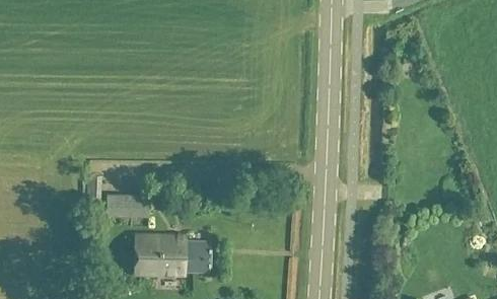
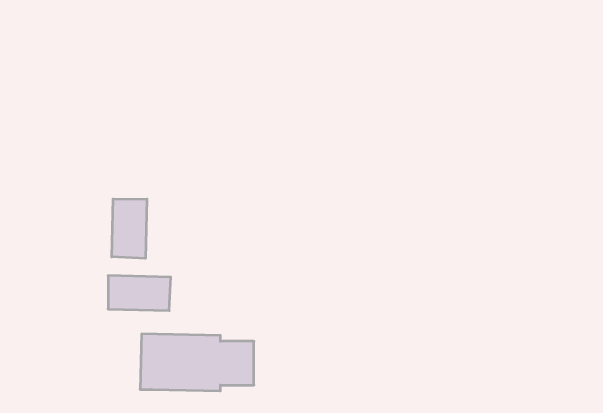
building: none -> [112,199,147,258]

